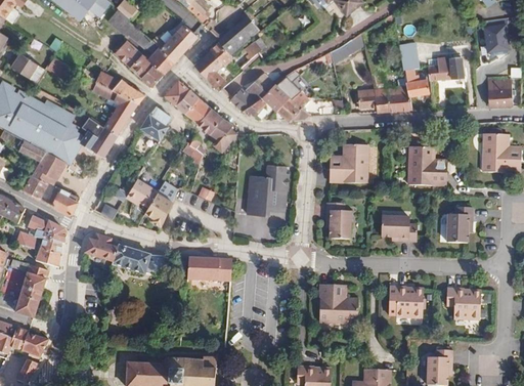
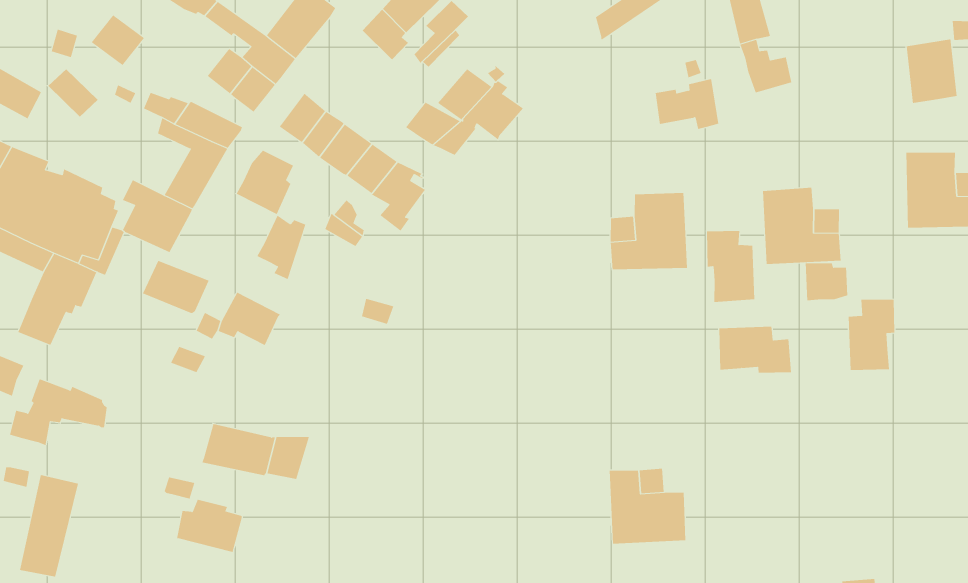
building: [115,40,142,67] -> [91,15,145,66]
building: [194,49,225,89] -> none
building: [427,56,464,80] -> none
building: [388,85,411,111] -> none
building: [276,90,310,120] -> none
building: [248,164,289,215] -> none
building: none -> [805,263,848,301]
building: [45,185,80,214] -> [142,260,209,314]
building: [145,192,172,226] -> [256,215,306,280]
building: [326,202,351,239] -> [706,231,755,303]
building: [85,233,120,262] -> [176,499,243,553]
building: [35,237,62,267] -> none
building: [189,257,234,282] -> none
building: [389,286,424,317] -> none
building: [446,287,481,319] -> none

